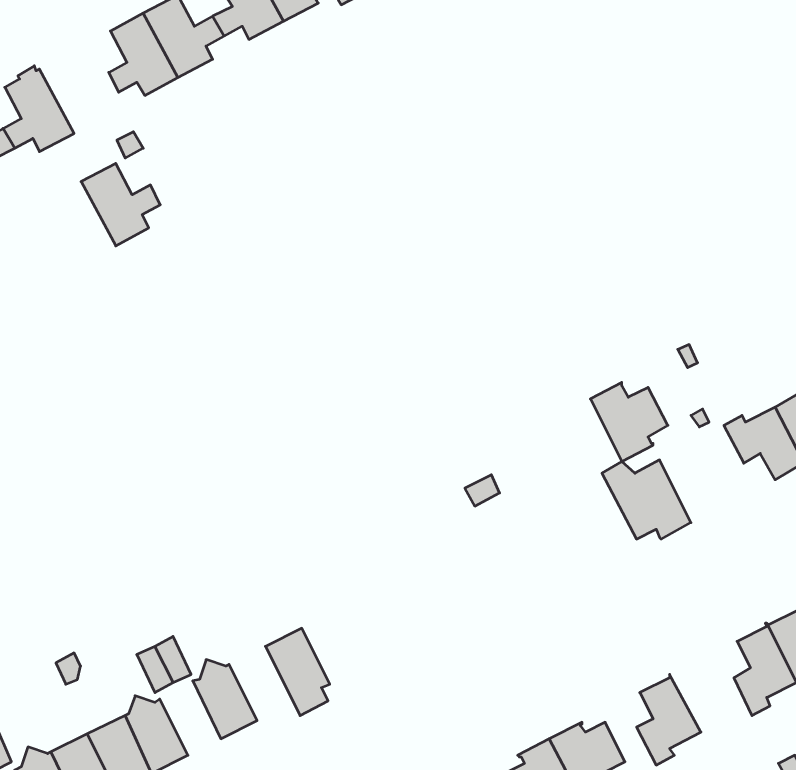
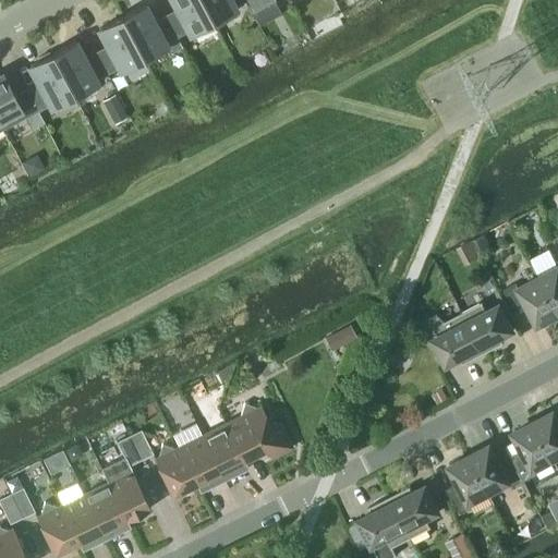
building: [81,163,160,246] -> [52,44,105,98]
building: [590,382,668,462] -> [462,303,513,355]
building: none -> [226,404,292,462]
building: none -> [178,437,225,492]
building: none -> [469,446,523,494]

